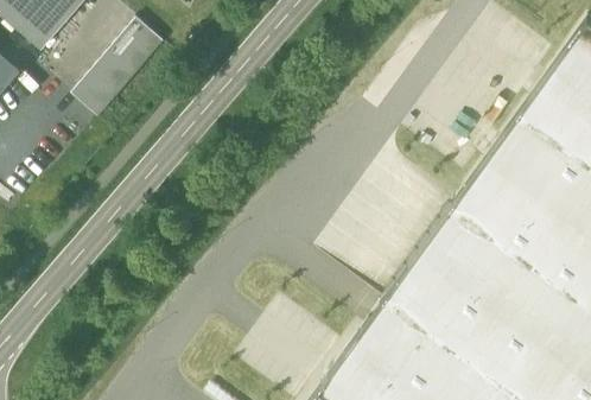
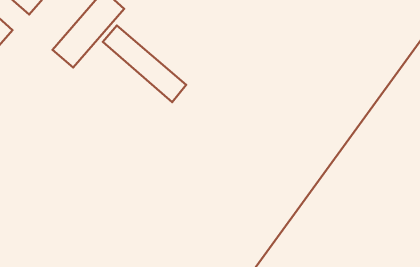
building: none -> [103,25,186,102]

